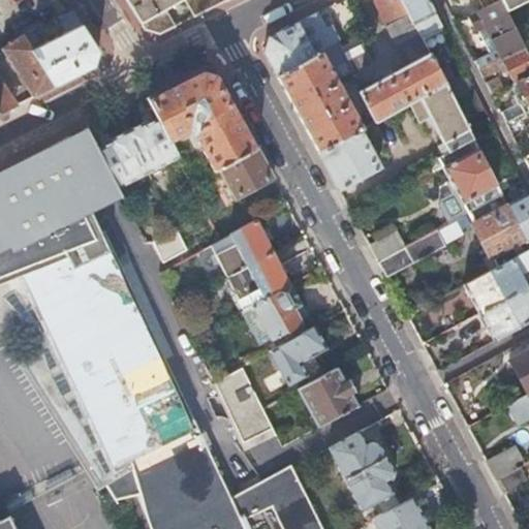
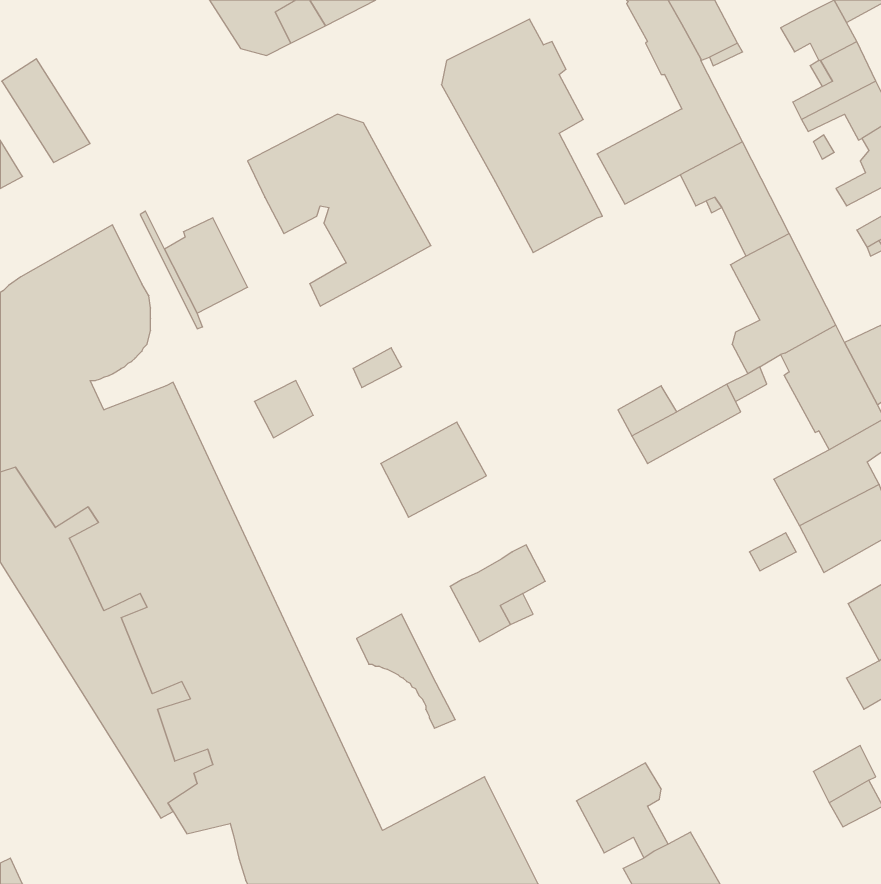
building: [24,10,99,86] -> none
building: [129,118,180,172] -> none
building: [320,130,378,189] -> none
building: [220,147,275,198] -> none
building: [56,206,101,245] -> none
building: [212,220,275,277] -> none
building: [245,284,308,346] -> none
building: [300,367,359,426] -> none
building: [222,397,276,448] -> none
building: [330,430,387,478] -> none

